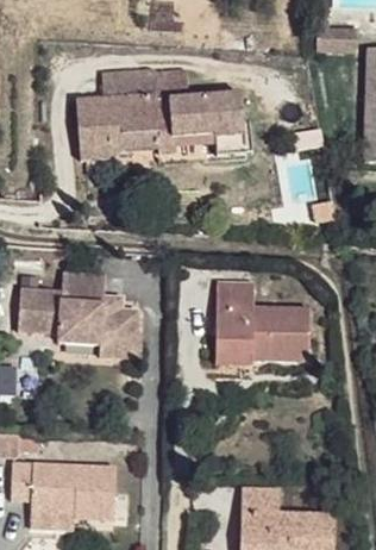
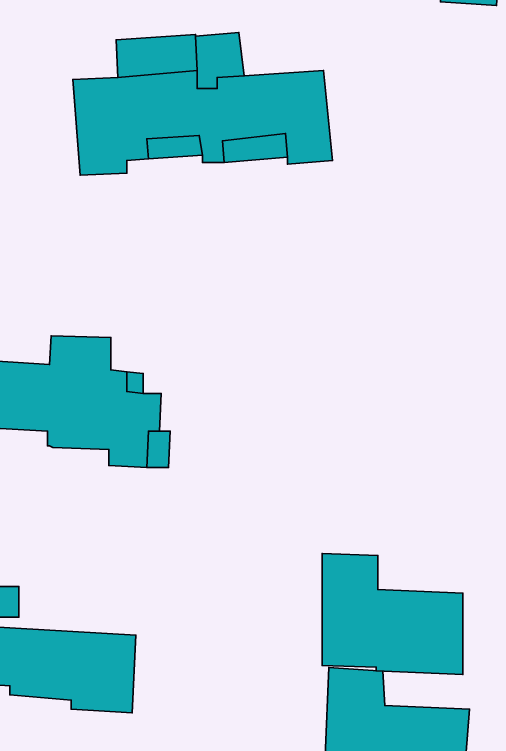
building: [217,282,309,362] -> [322,554,463,674]

